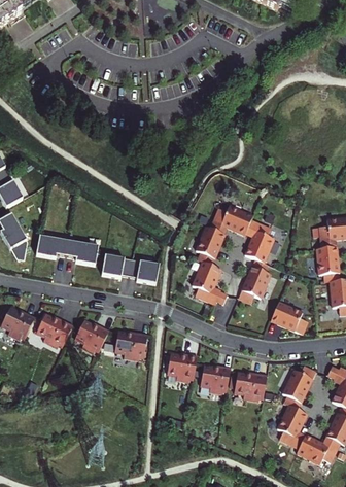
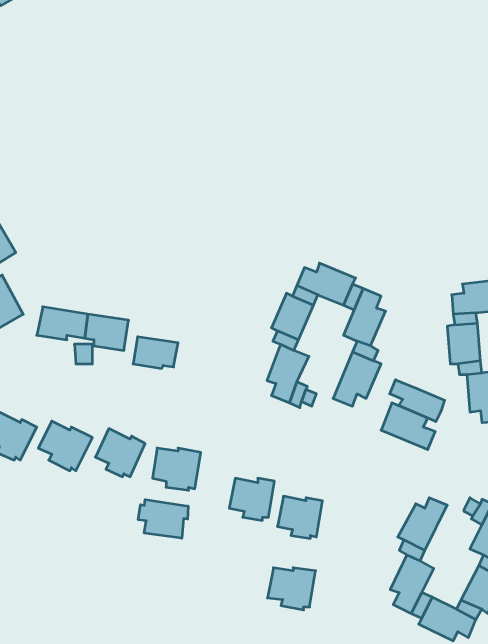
building: [129,259,159,283] -> none
building: none -> [390,380,445,422]
building: none -> [138,500,188,538]
building: [234,372,267,401] -> [267,568,316,610]

